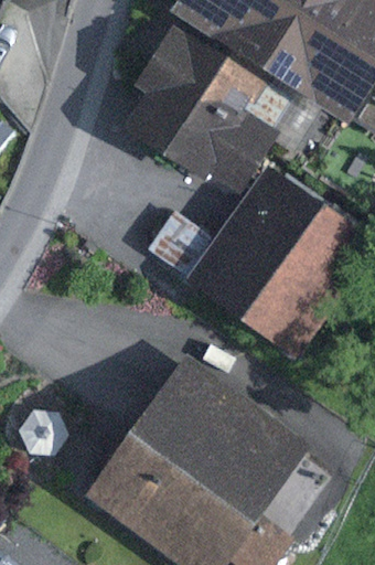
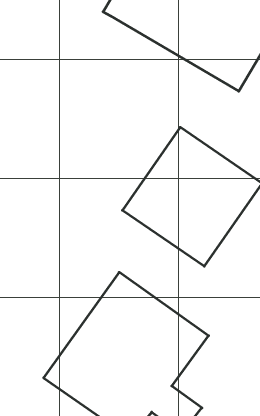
building: [115,21,267,180] -> none

